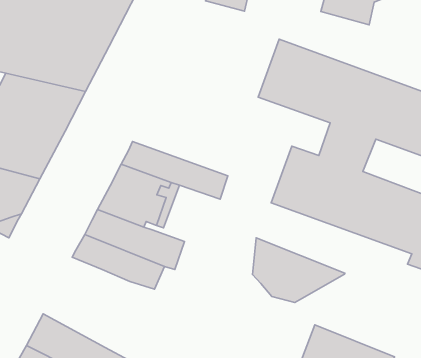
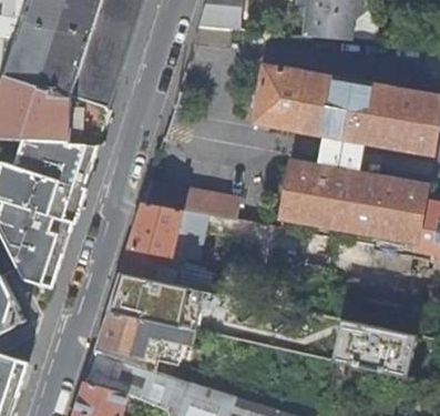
building: [253,238,345,302] -> none
building: none -> [92,308,193,369]

